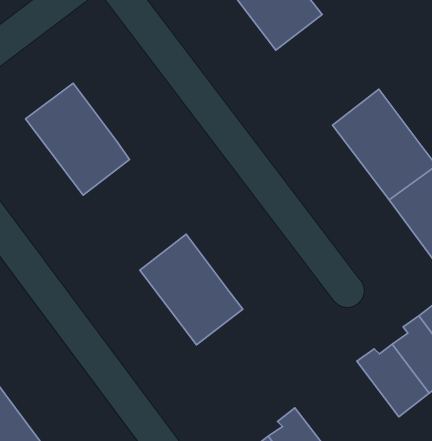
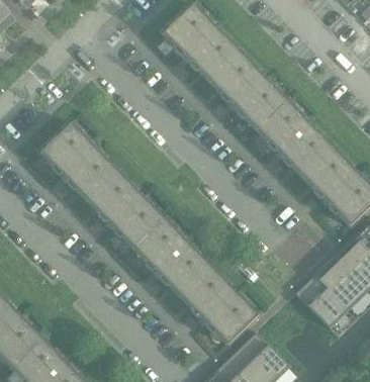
building: none -> [210,52,286,128]
building: none -> [88,171,164,248]
building: none -> [181,266,258,344]

